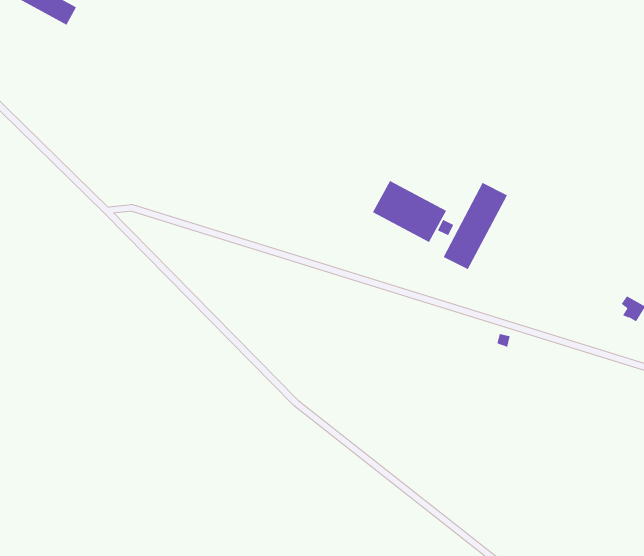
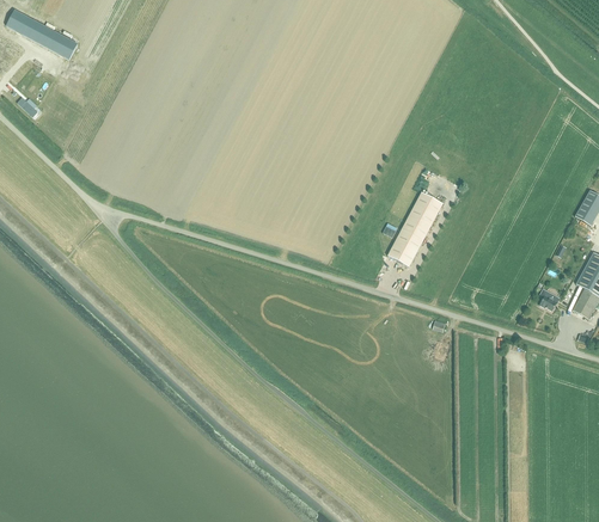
building: [372,180,447,243] -> none

